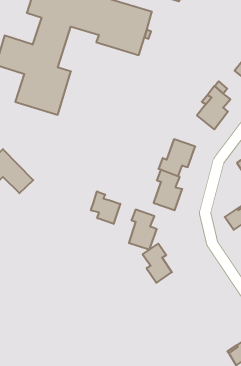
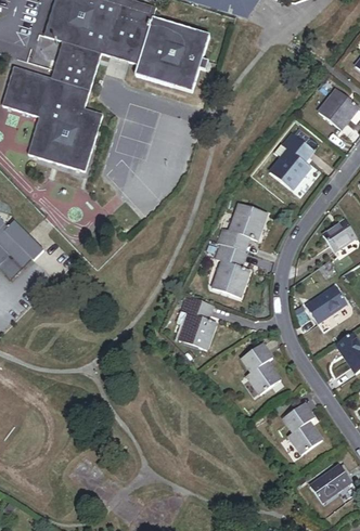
building: [91,191,120,224] -> none
building: [143,244,172,283] -> [241,342,280,394]
building: none -> [283,403,322,454]

